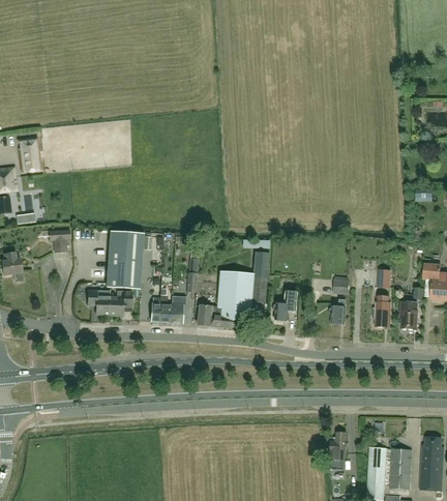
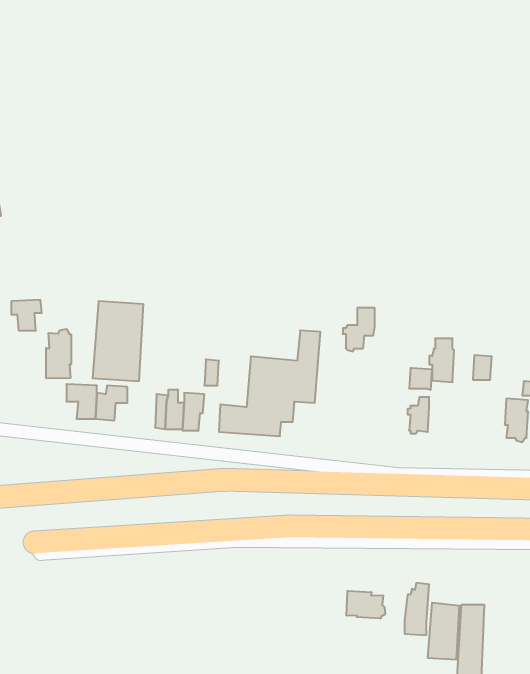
building: none -> [46,329,71,378]
building: [273,291,296,322] -> [343,308,375,351]
building: [372,295,390,326] -> [429,339,454,382]
building: none -> [346,591,385,619]
building: [389,448,412,489] -> [428,603,459,659]

